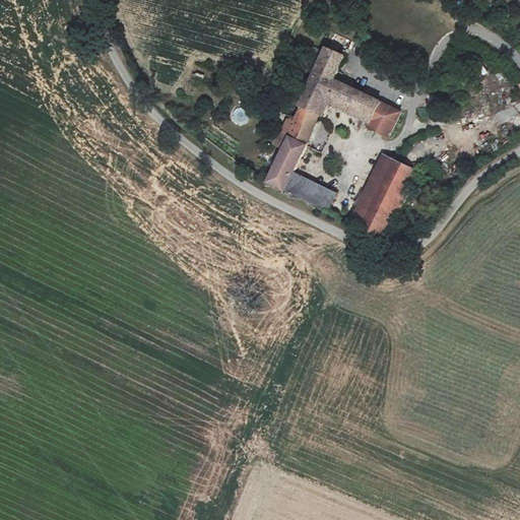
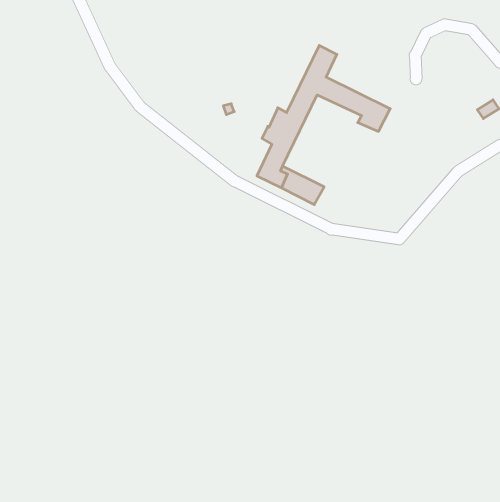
building: [343,152,414,239] -> none

